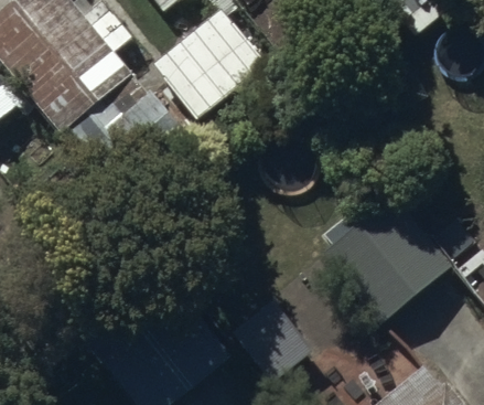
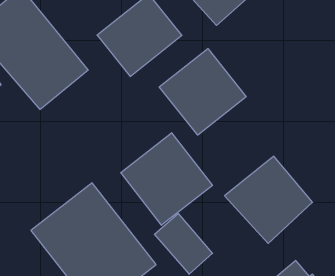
building: none -> [159,49,246,135]
building: none -> [121,133,212,225]

